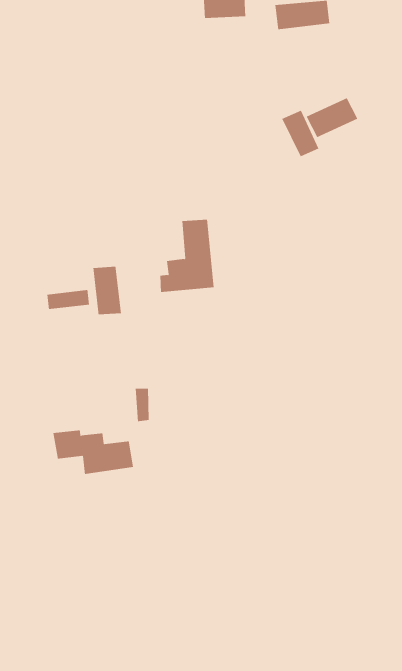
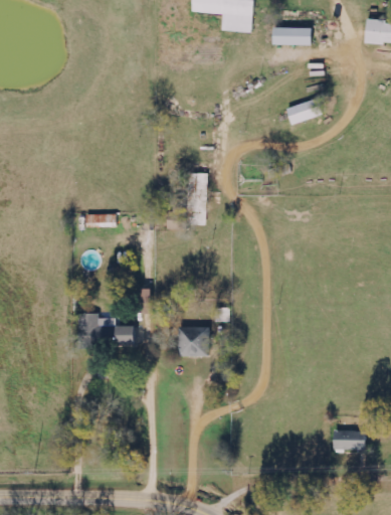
building: [282,110,319,157] -> none
building: [93,266,122,315] -> none
building: none -> [179,319,211,356]

